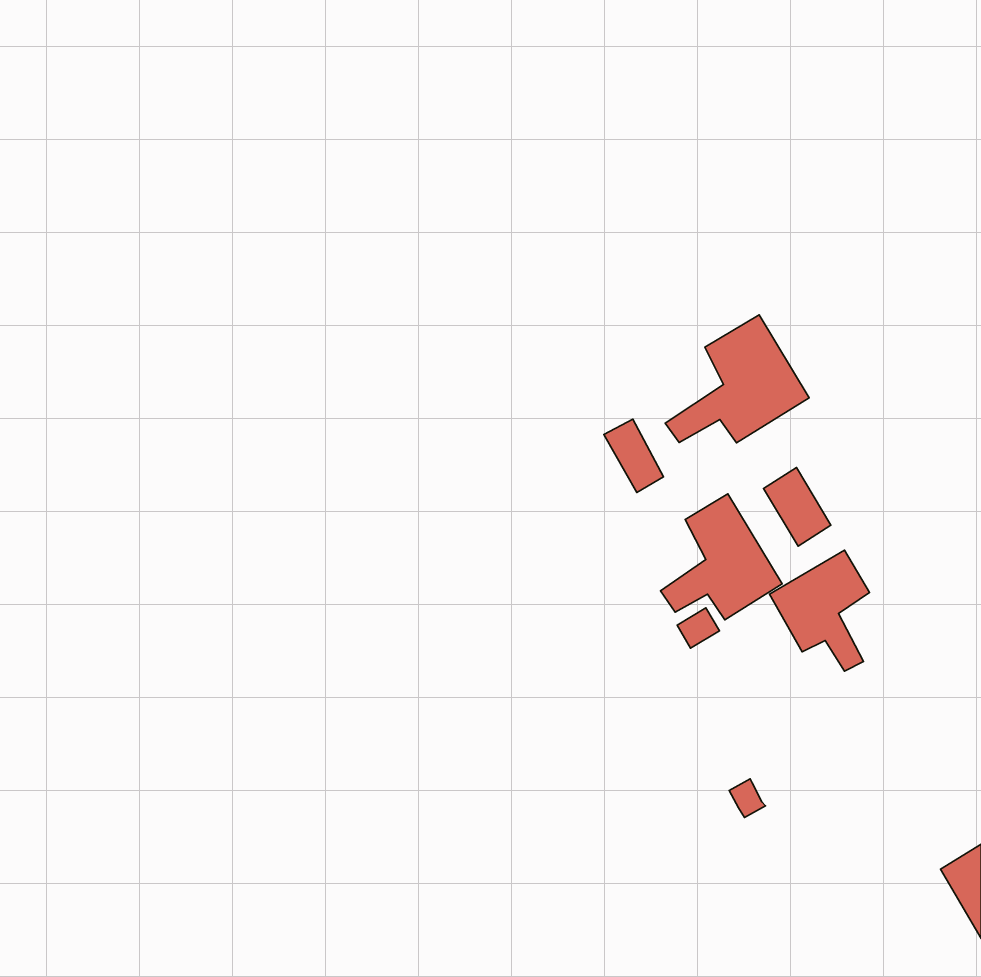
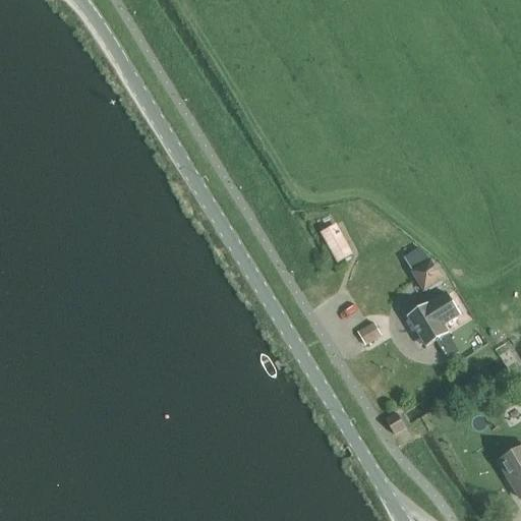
building: [665,315,809,443] -> none
building: [661,494,782,620] -> none

